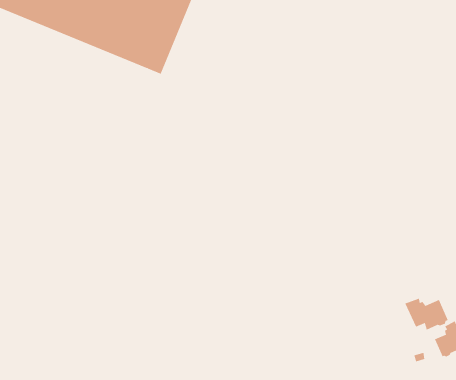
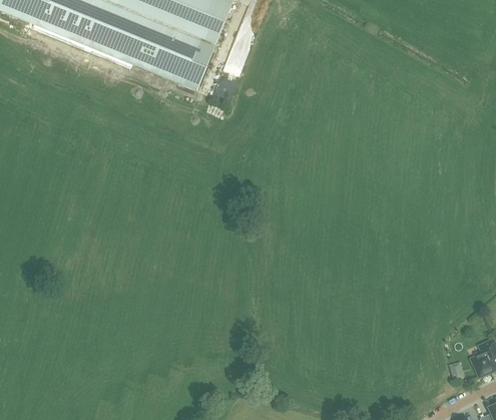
building: [405,298,449,330] -> none

